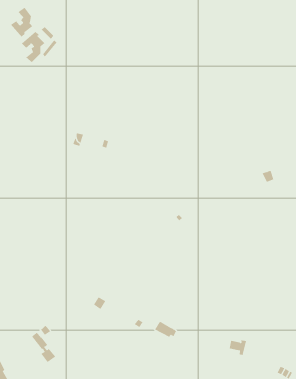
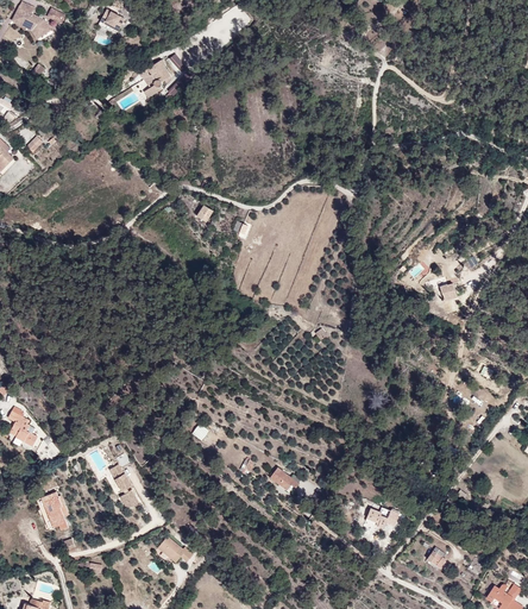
building: [10,7,33,38] -> none

